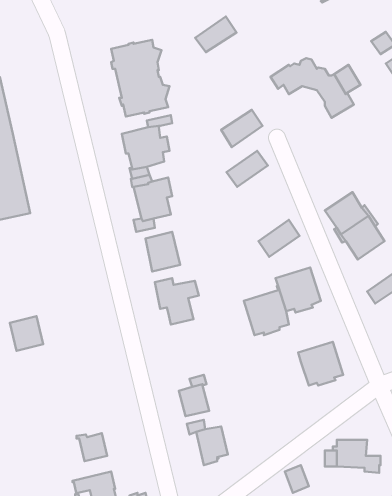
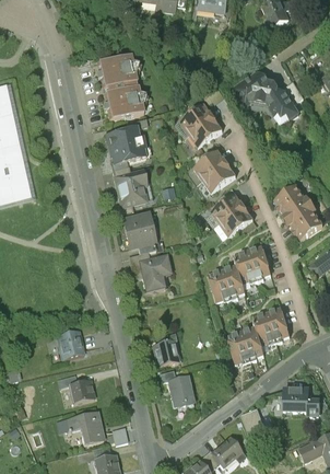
building: [195,16,236,52] -> [179,102,213,131]
building: none -> [201,161,235,192]
building: none -> [210,193,244,223]
building: [10,316,43,351] -> [57,333,84,361]
building: none -> [225,323,262,362]

